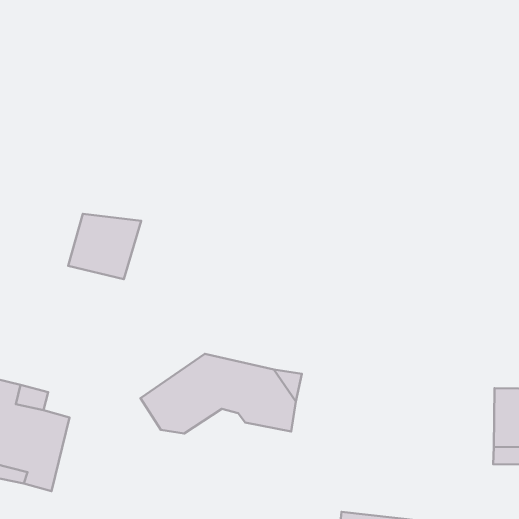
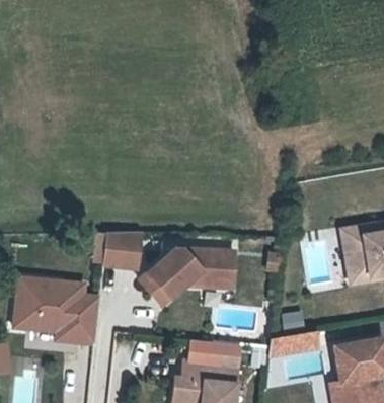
building: [68,214,141,279] -> [100,231,140,267]

